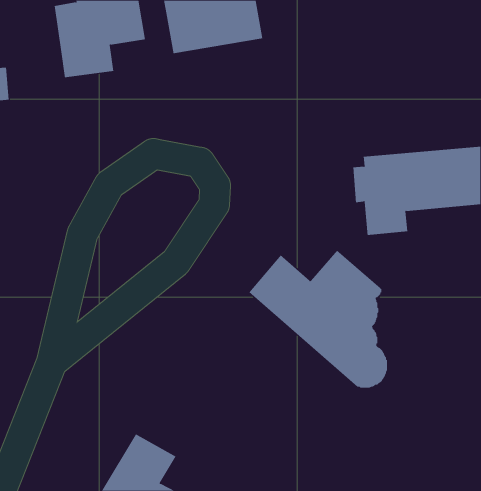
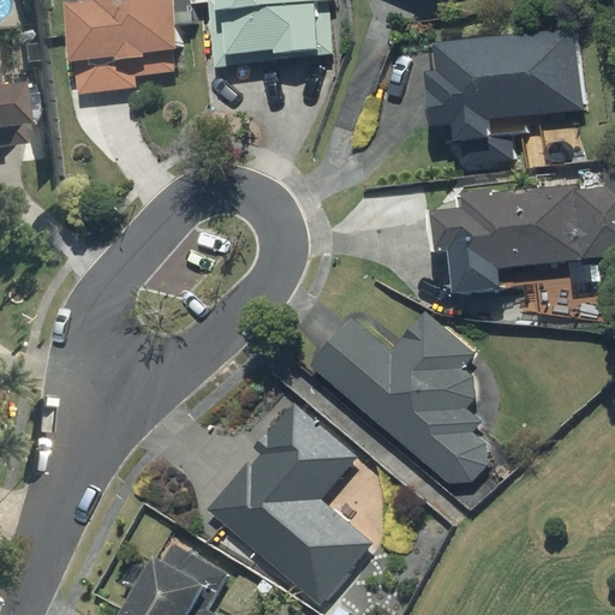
building: none -> [435,32,578,141]
building: none -> [204,408,372,607]

